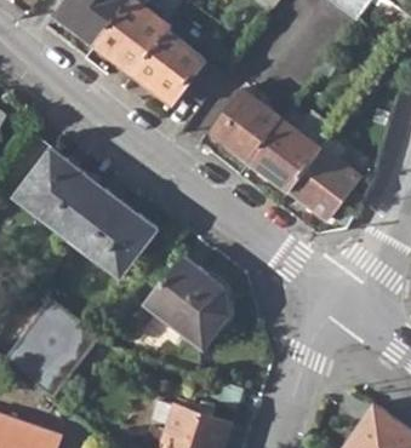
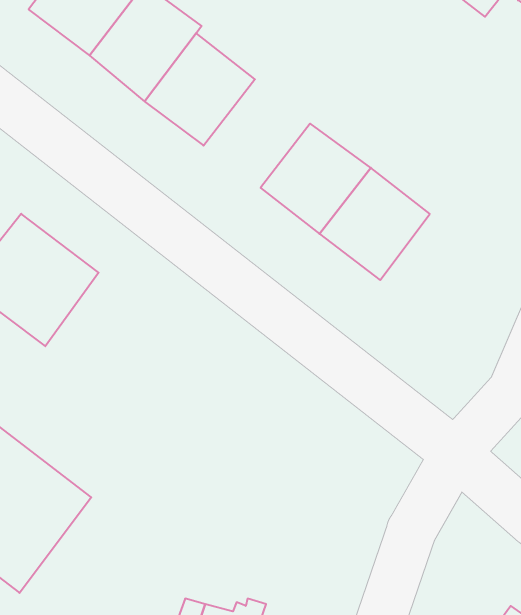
building: [287,149,359,222] -> none
building: [67,188,155,276] -> none
building: [147,255,229,346] -> none

